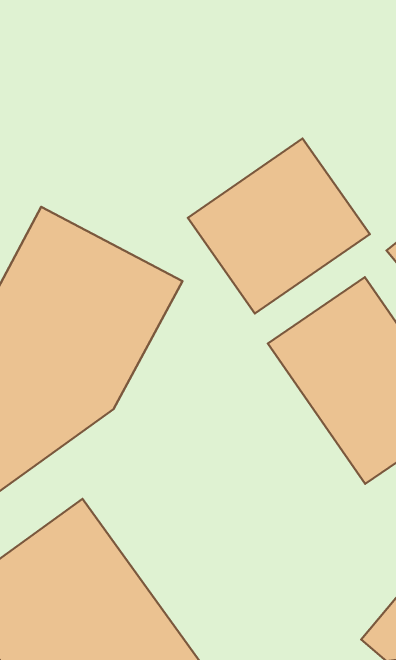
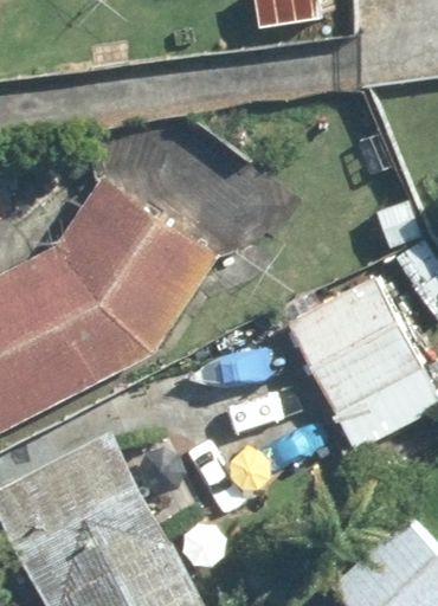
building: [188,138,370,314] -> none

